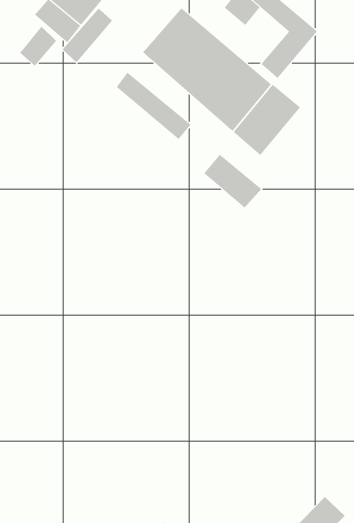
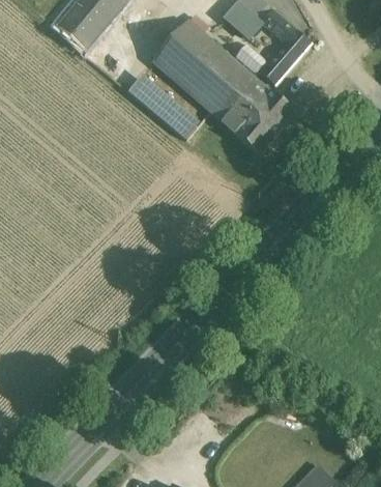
building: [62,8,113,63] -> none
building: [19,26,57,67] -> none
building: [204,154,262,209] -> none

